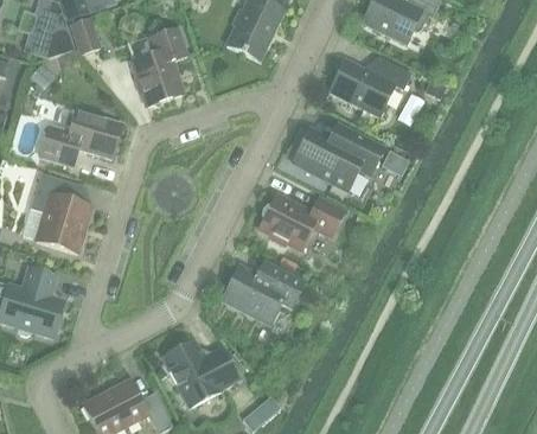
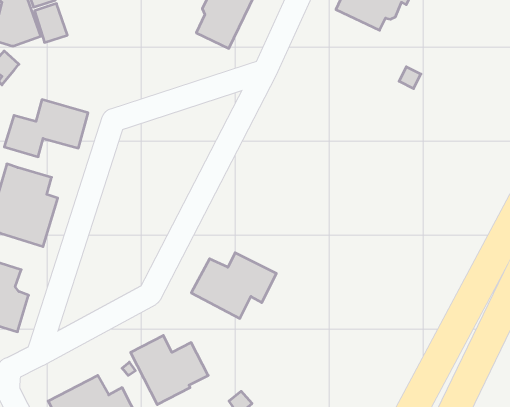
building: [133,26,186,106] -> none
building: [328,56,411,115] -> none
building: [292,122,384,190] -> none
building: [258,193,345,249] -> none

